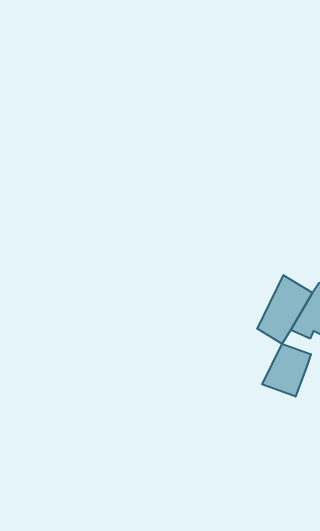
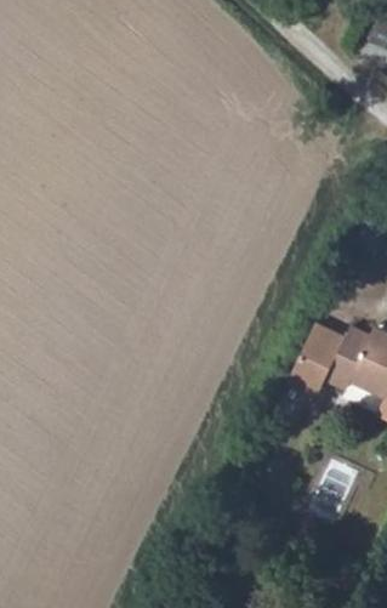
building: [262,344,311,397] -> none

